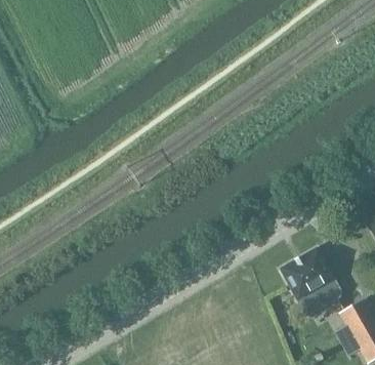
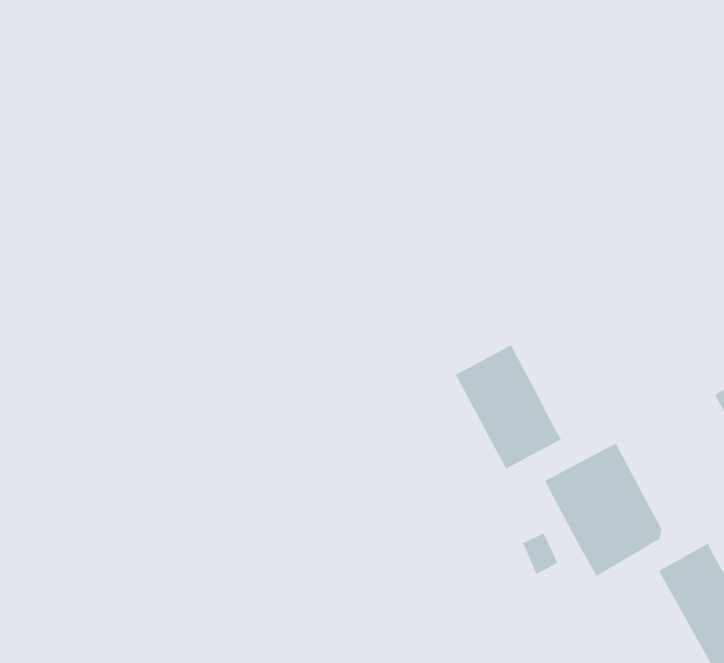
building: none -> [455,345,562,469]

